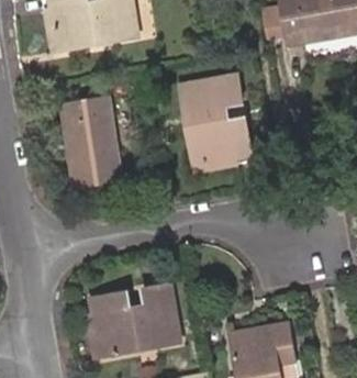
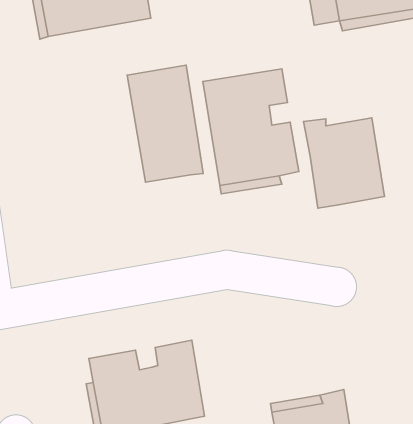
building: [60,91,120,182] -> [127,65,203,182]
building: none -> [304,118,385,208]

